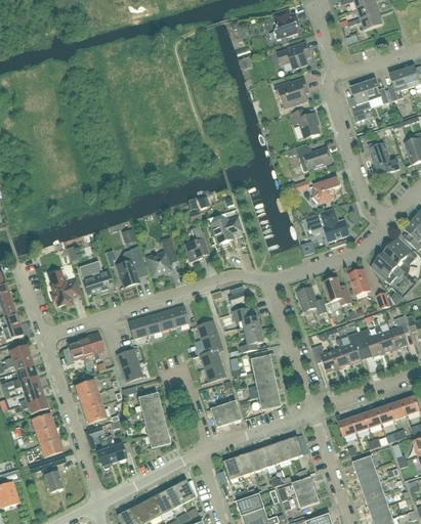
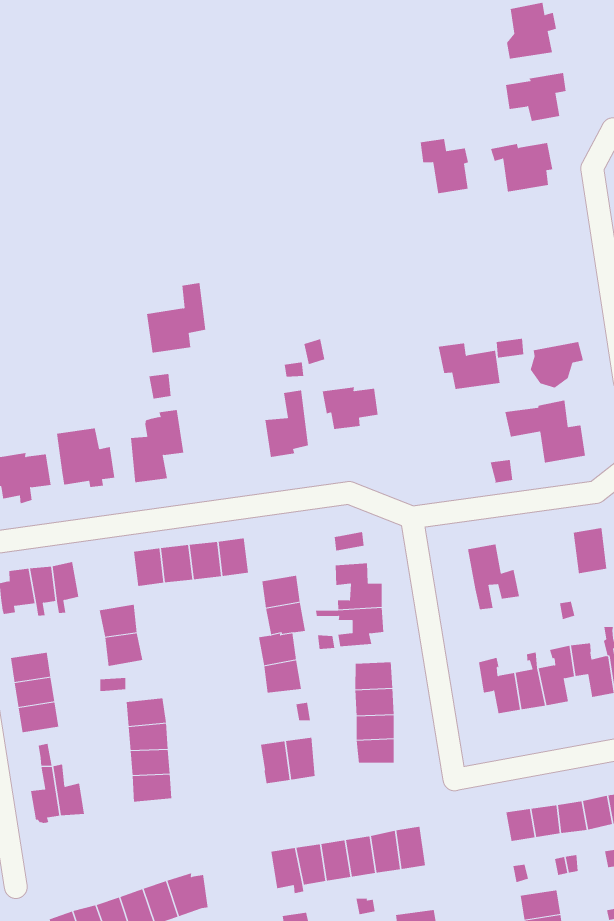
building: [291,108,320,137] -> [420,138,469,194]
building: [296,144,331,169] -> [438,343,500,390]
building: [145,235,177,275] -> [146,282,206,353]
building: [324,277,351,304] -> none

